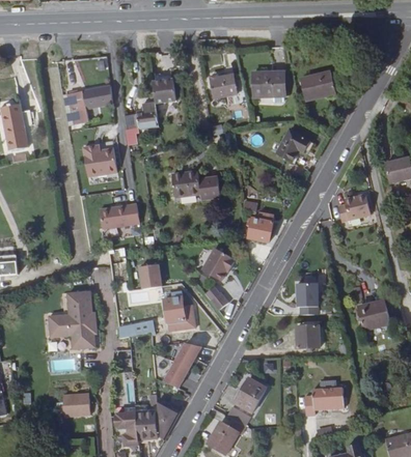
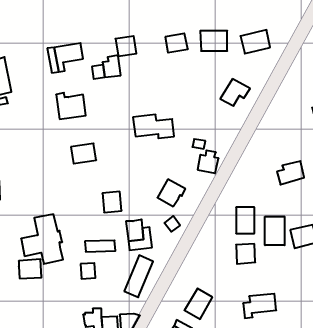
building: [338,195,371,223] -> [277,161,304,185]
building: none -> [265,217,285,245]
building: [62,393,89,416] -> [19,259,41,278]

